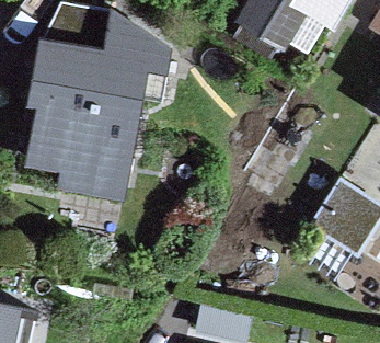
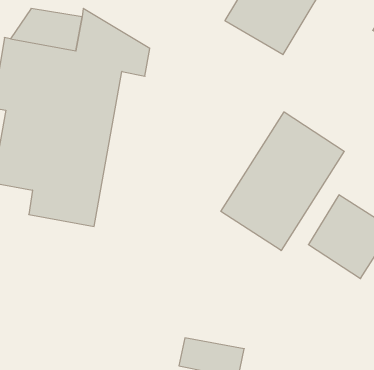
building: none -> [221,112,344,251]

